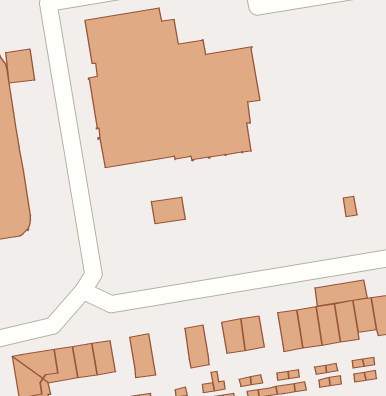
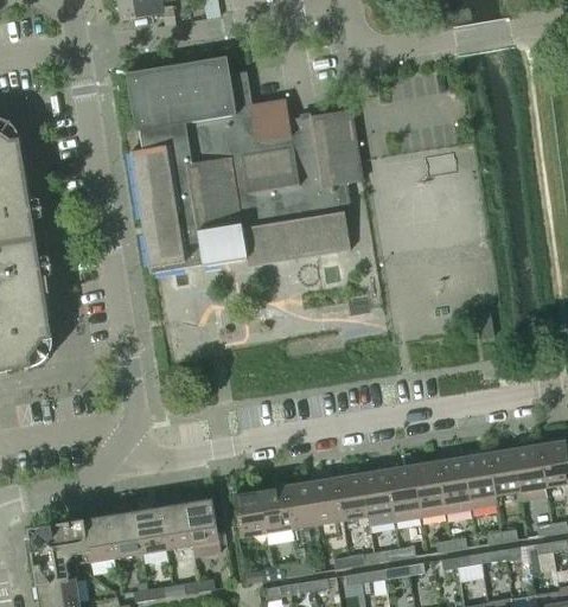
building: [6,49,35,83] -> none
building: [152,197,185,224] -> none
building: [315,280,367,306] -> none
building: none -> [360,469,393,516]
building: none -> [285,483,317,529]
building: none -> [232,491,266,537]
building: none -> [159,503,192,549]

